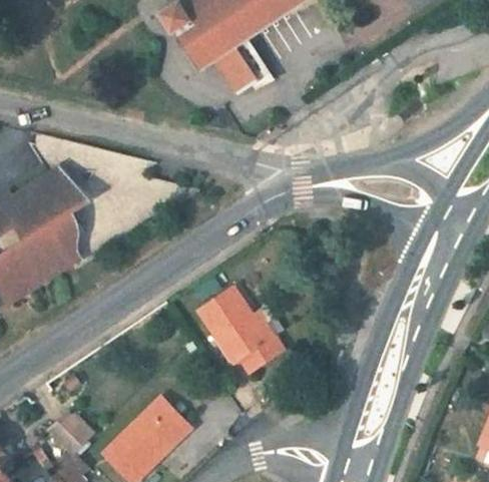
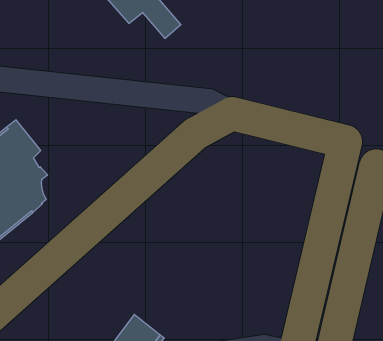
building: [194,286,283,373] -> none

